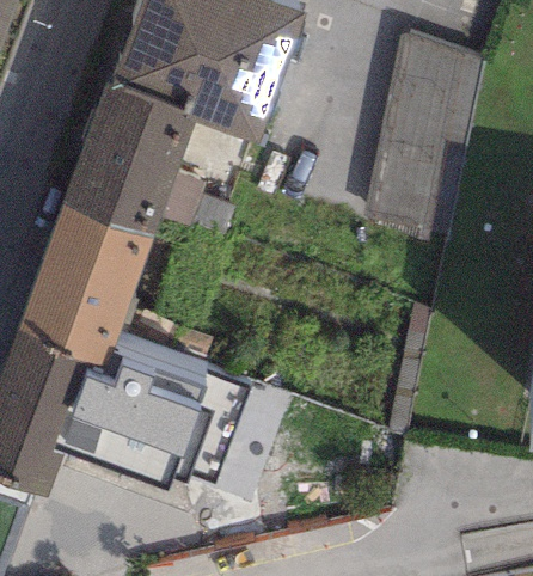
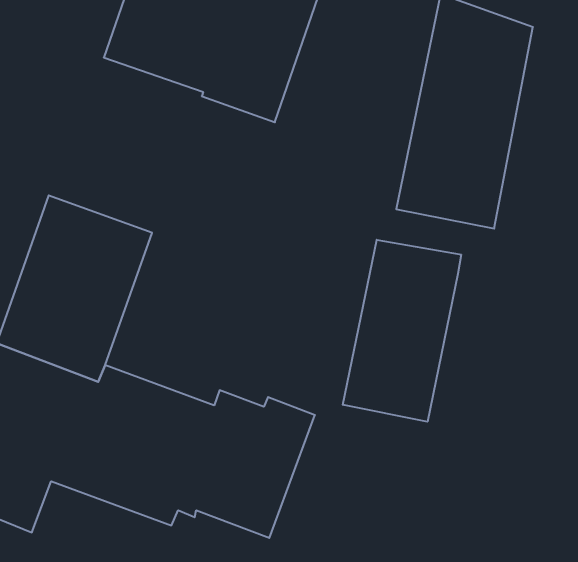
building: [62,81,196,234] -> none
building: none -> [343,240,461,422]

